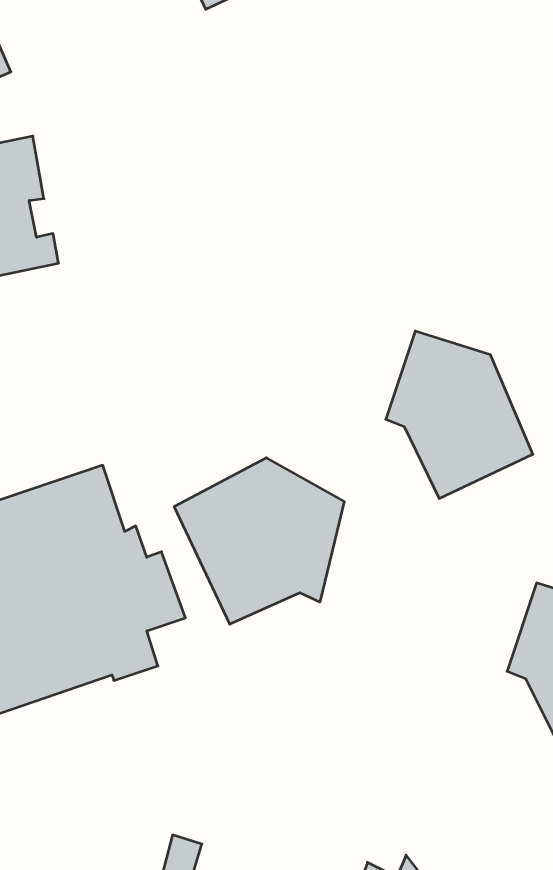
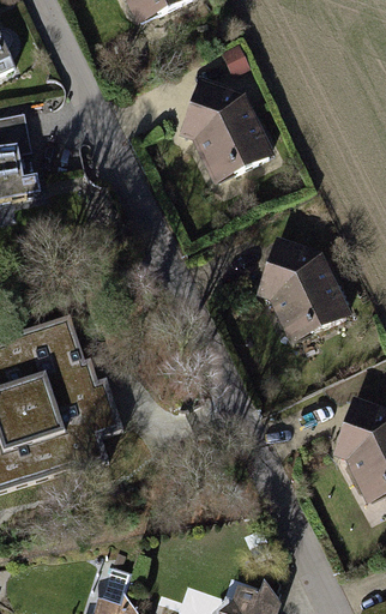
building: none -> [177,78,273,186]
building: [174,458,344,624] -> none

